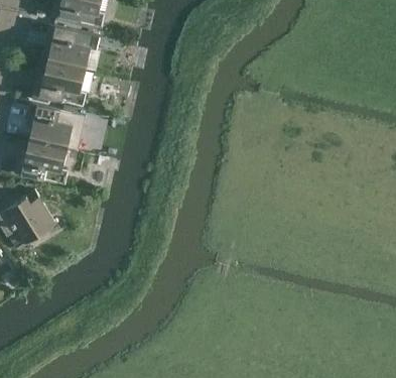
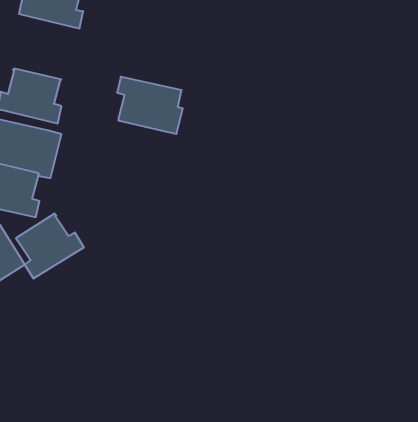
building: [45,25,100,73] -> [117,77,183,134]
building: none -> [16,213,84,279]

